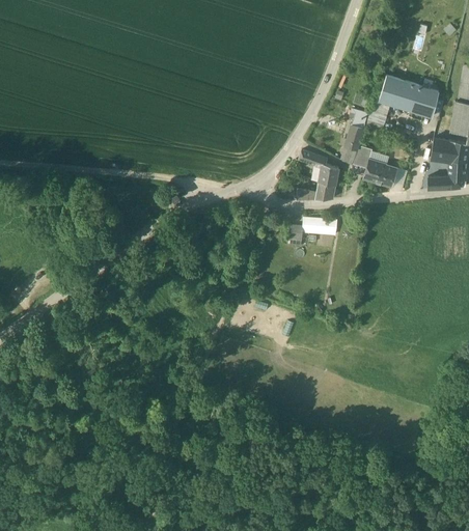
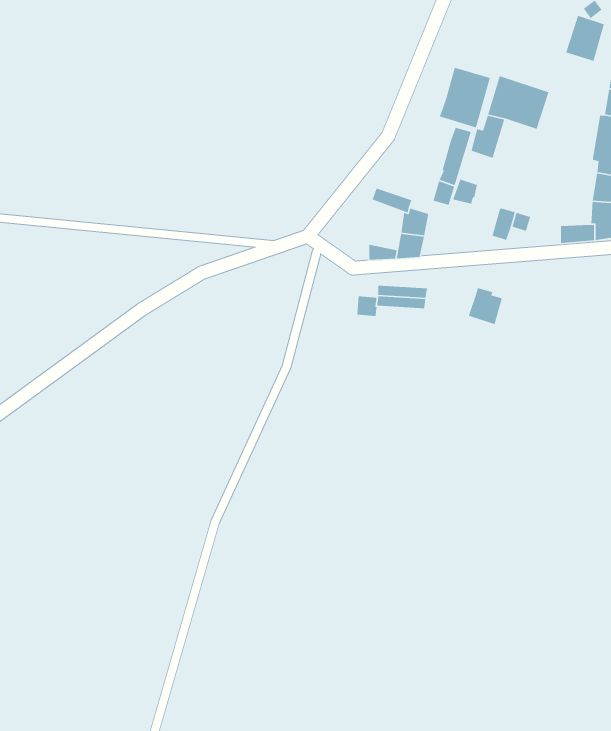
building: none -> [439,67,491,128]
building: [412,86,439,118] -> [565,15,605,62]
building: [431,138,452,161] -> none
building: [362,159,386,185] -> [468,287,503,325]

